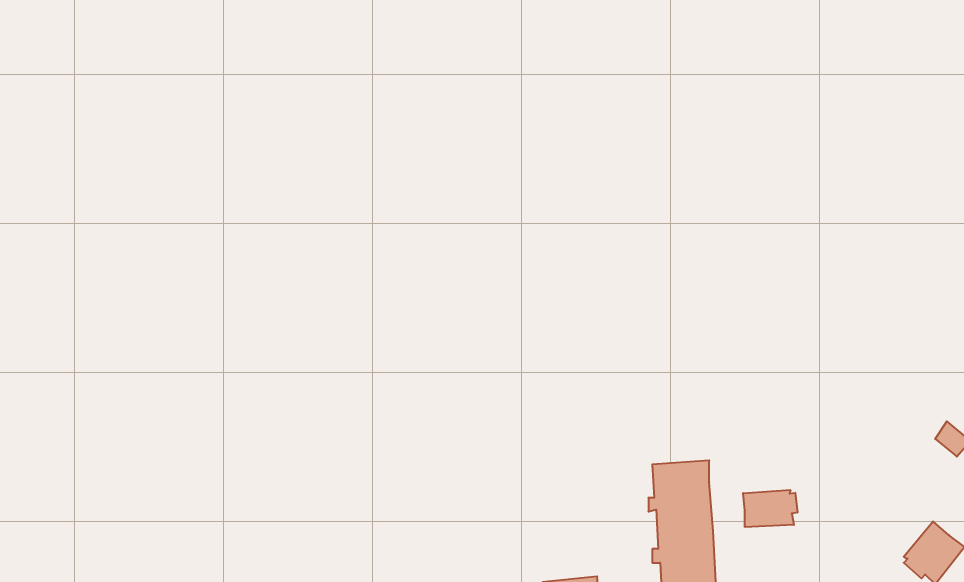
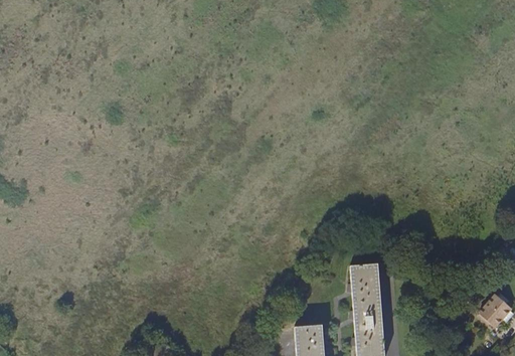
building: [743,490,797,527] -> none

